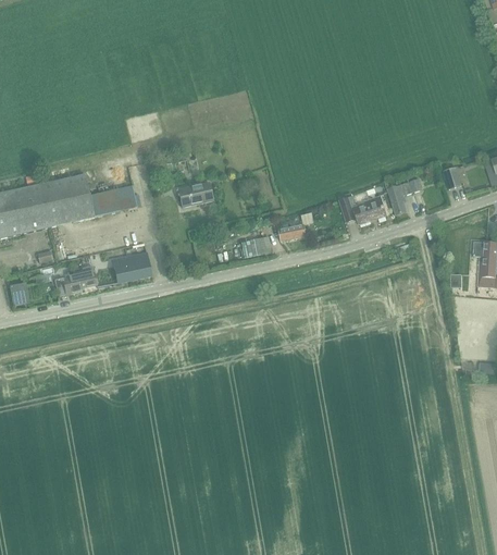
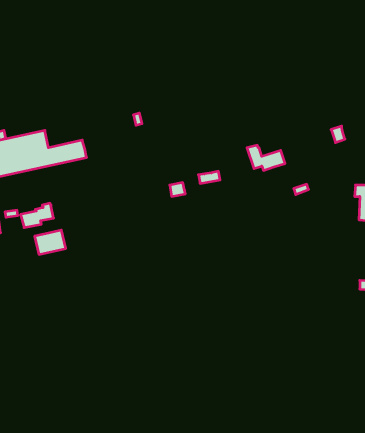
building: [387,178,422,214] -> none
building: [178,182,213,206] -> none
building: [112,251,151,282] -> [35,230,66,254]

